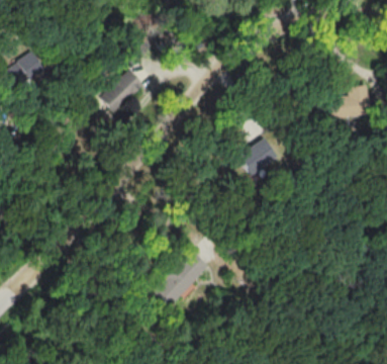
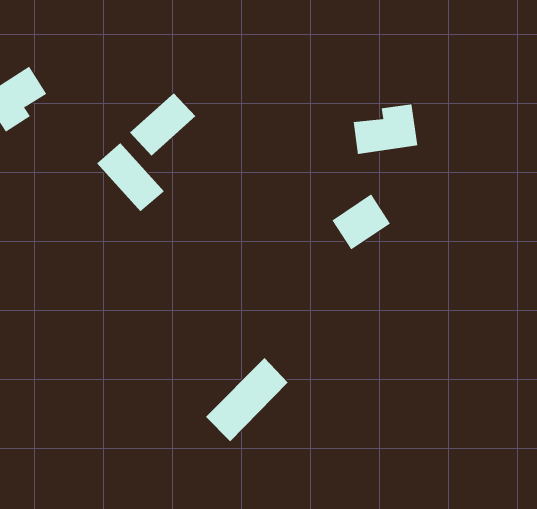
building: [327,85,372,119] -> [353,104,418,154]
building: none -> [96,142,165,212]

